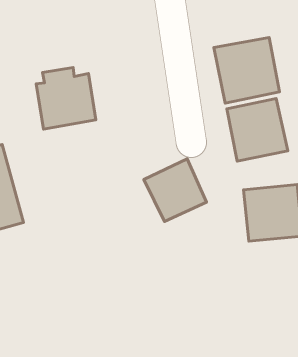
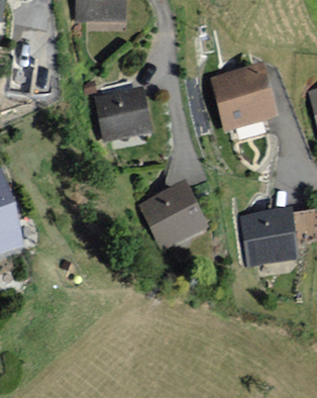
building: [36,67,96,129] -> [95,78,153,138]
building: [227,98,288,161] -> none

